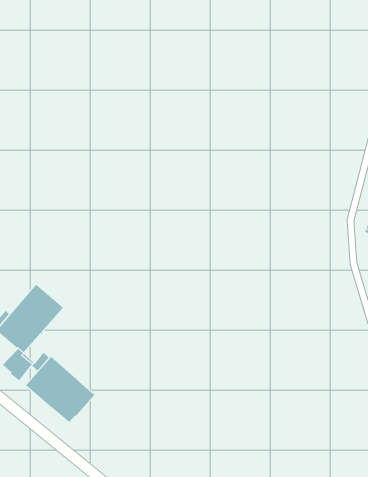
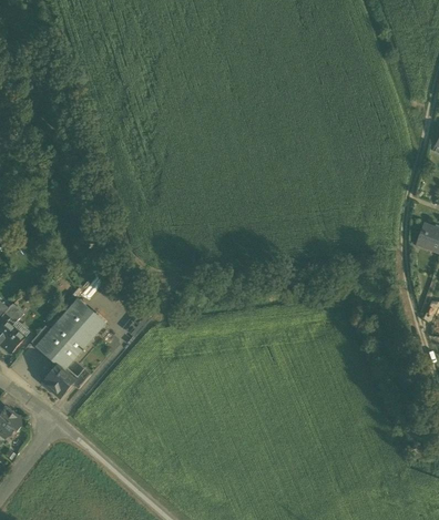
building: [25,356,95,423] -> none

